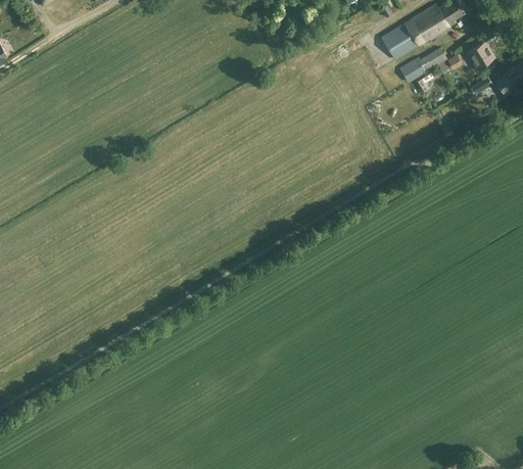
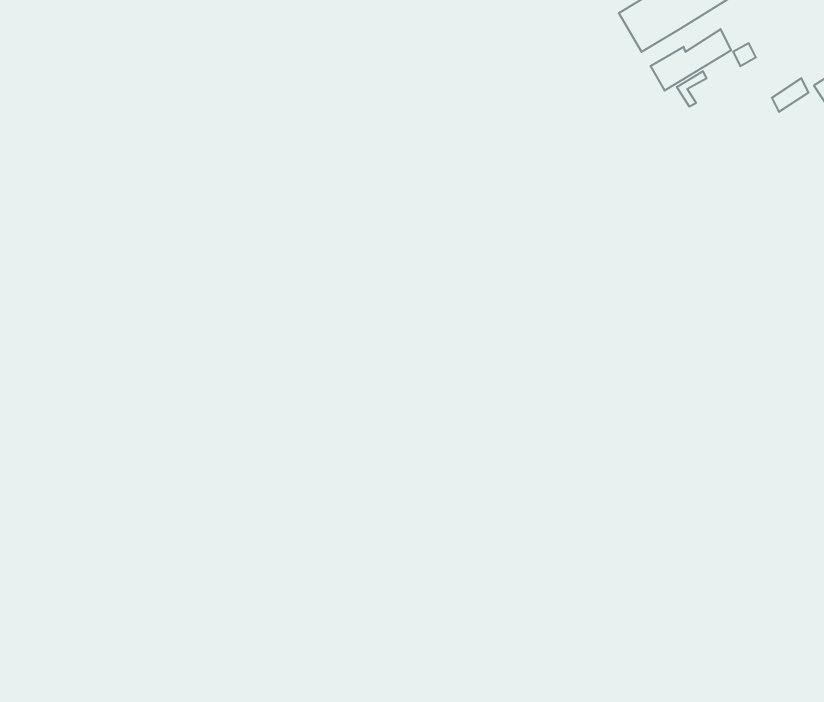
building: [466,42,493,68] -> none

